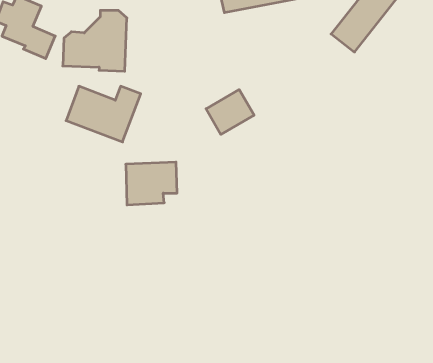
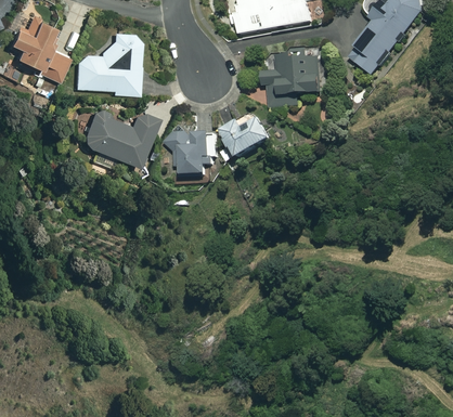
building: none -> [261,55,320,106]
building: [126,162,177,205] -> [165,131,217,174]

